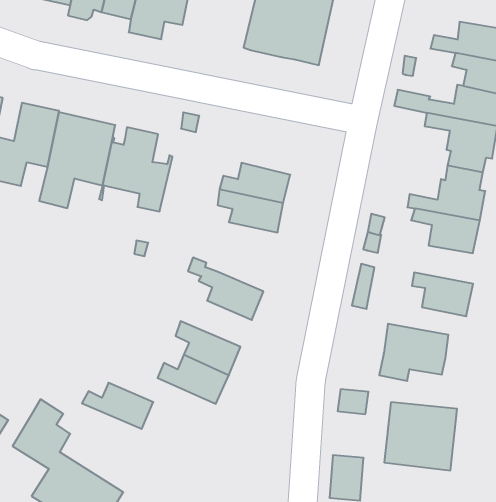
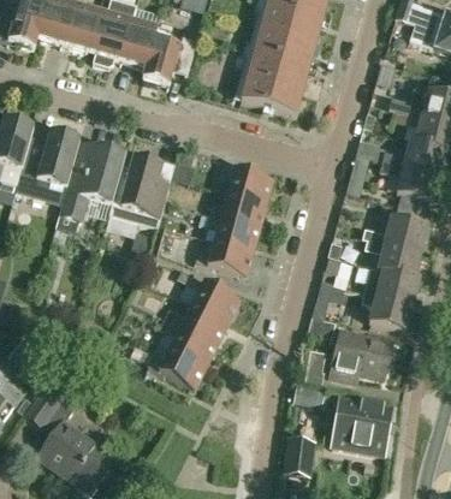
building: none -> [218,165,273,203]
building: none -> [195,239,254,275]
building: none -> [364,266,419,302]
building: [82,383,153,429] -> [170,303,229,343]

